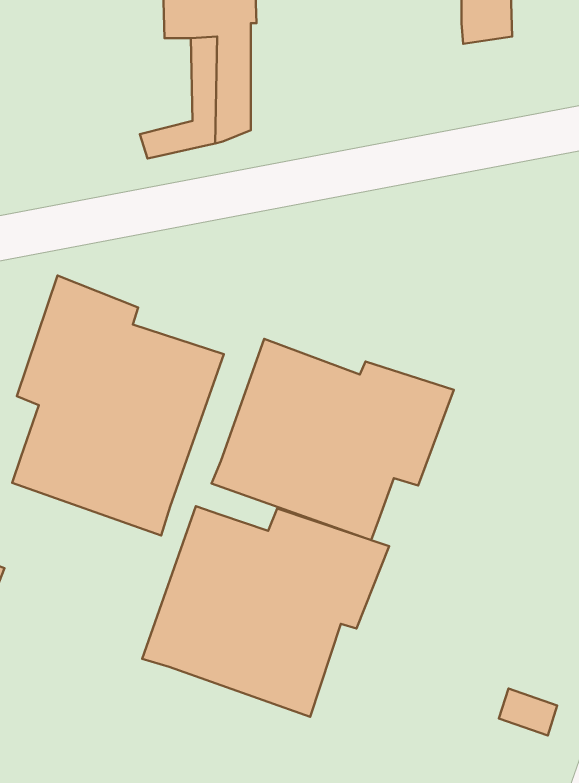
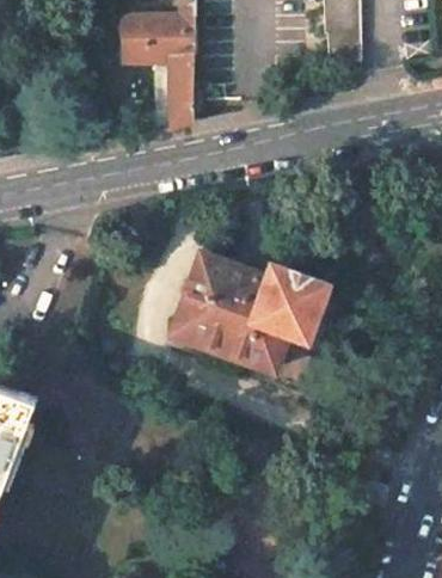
building: [12,275,224,536] -> none
building: [142,506,389,717] -> none

